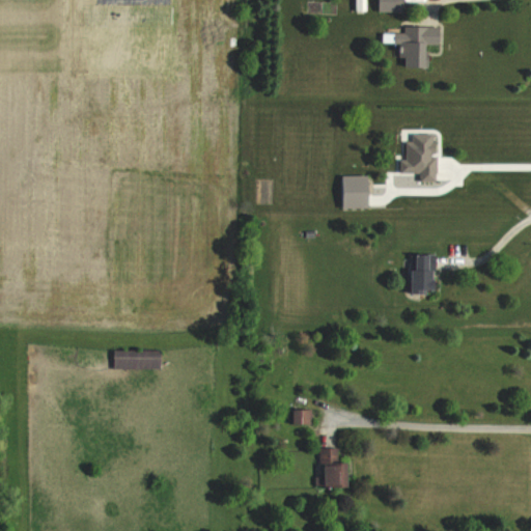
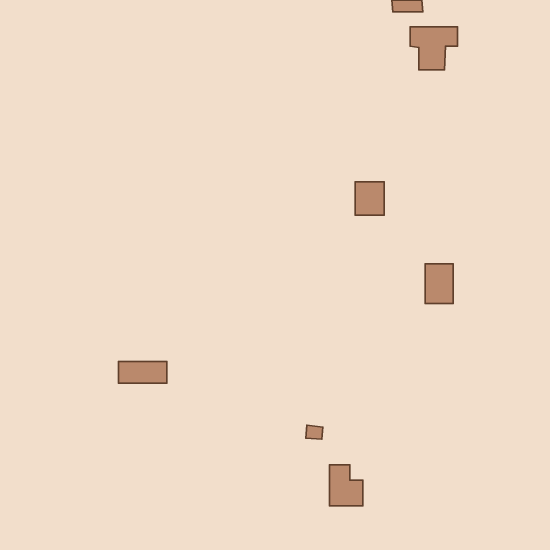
building: [402,134,438,180] -> none

